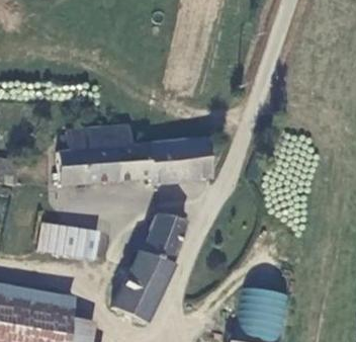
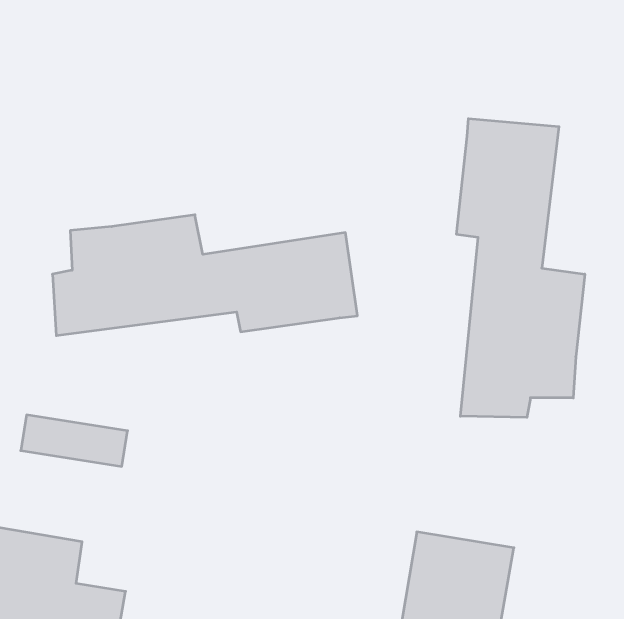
building: none -> [457,119,585,417]
building: [112,218,184,327] -> none

